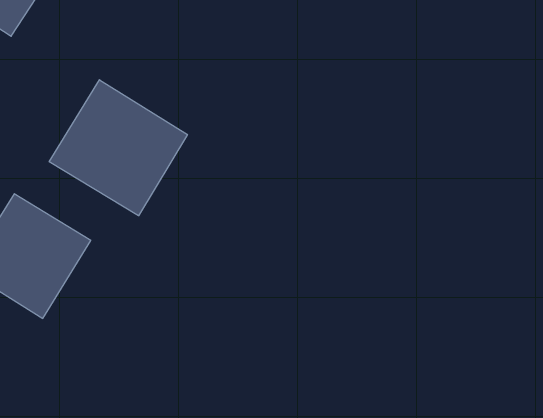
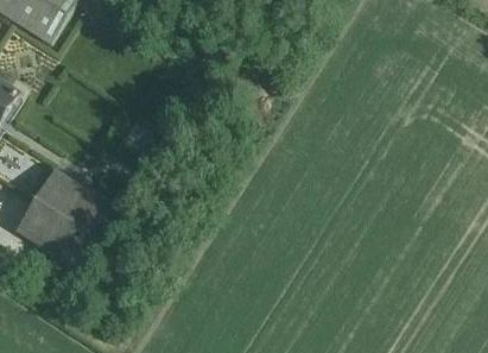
building: [49,80,187,216] -> none

